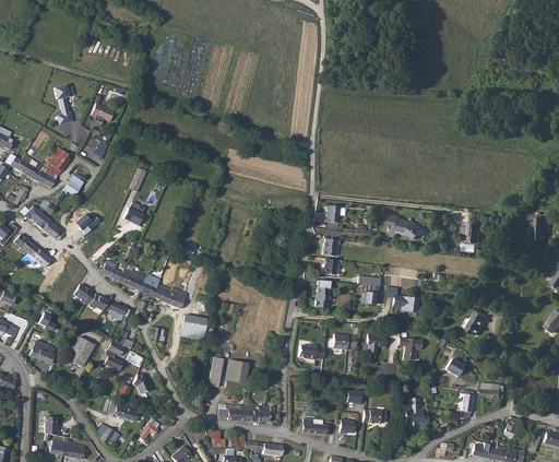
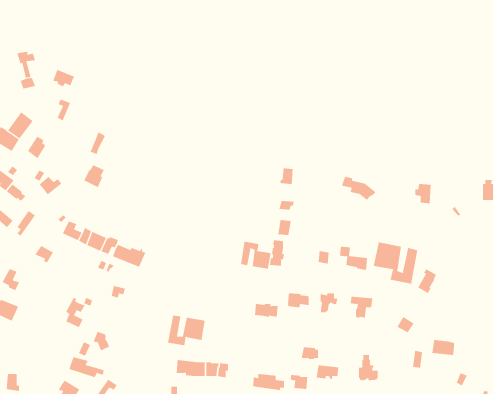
building: none -> [241,241,271,269]
building: none -> [373,241,418,284]
building: [90,295,132,328] -> none
building: [179,315,206,340] -> none
building: [67,336,94,366] -> none

